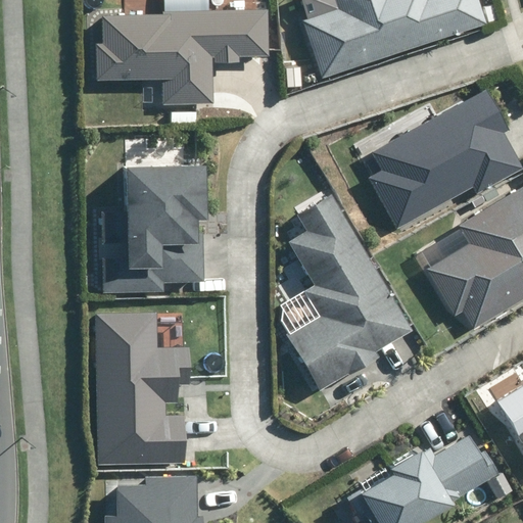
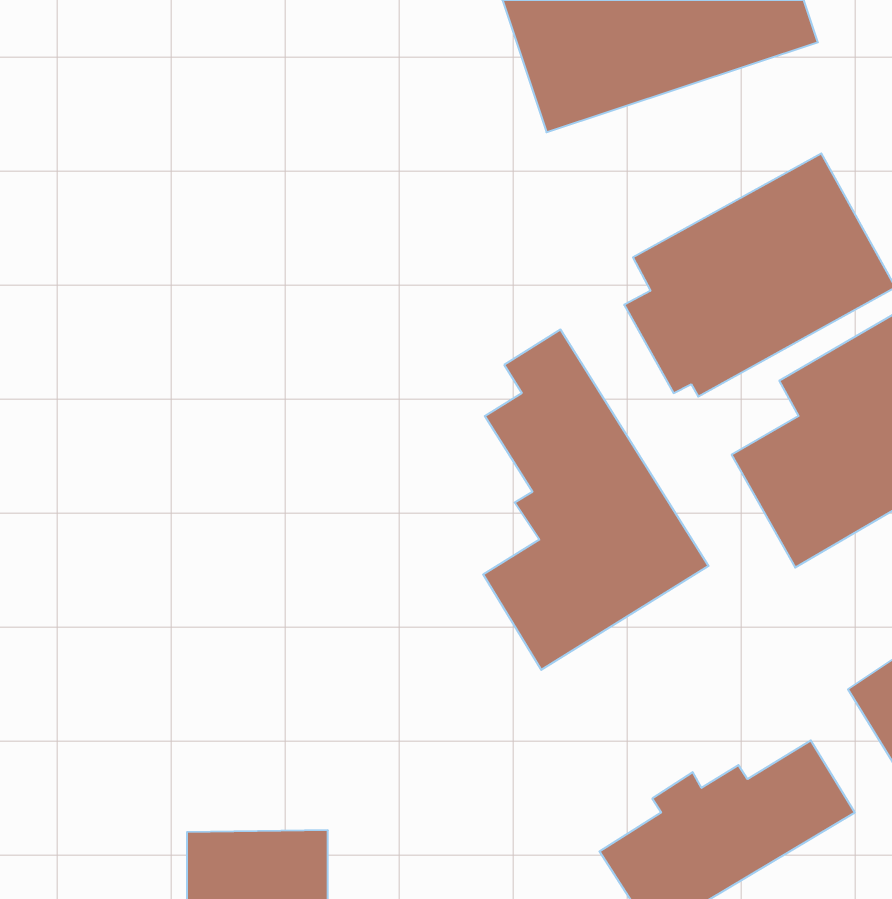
building: [92,10,265,106] -> none
building: [118,161,204,292] -> none
building: [100,313,197,461] -> none

